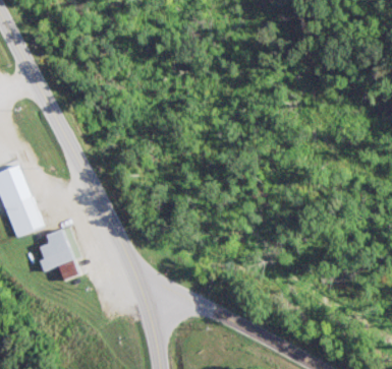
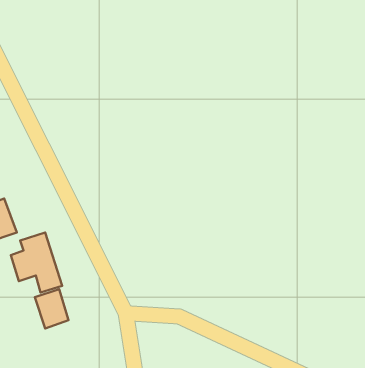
building: none -> [35,289,69,329]

